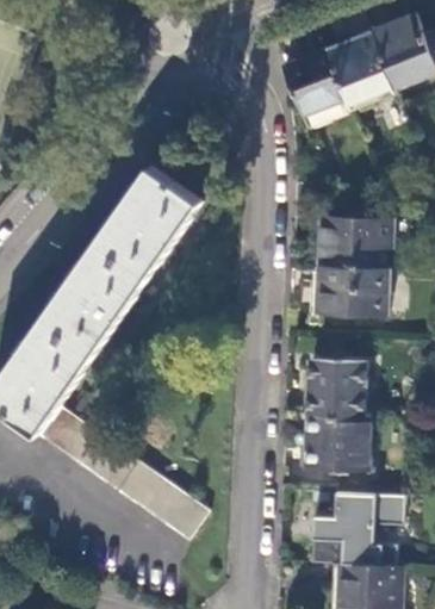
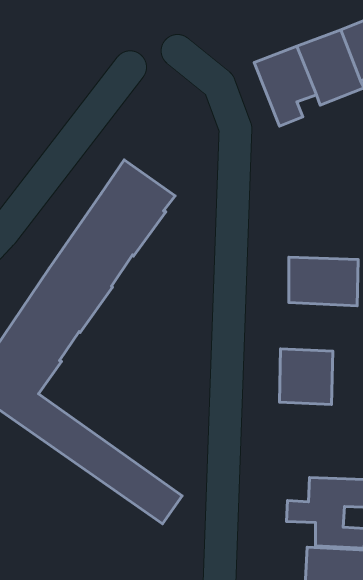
building: [318,217,390,267] -> none
building: [306,414,368,470] -> none

